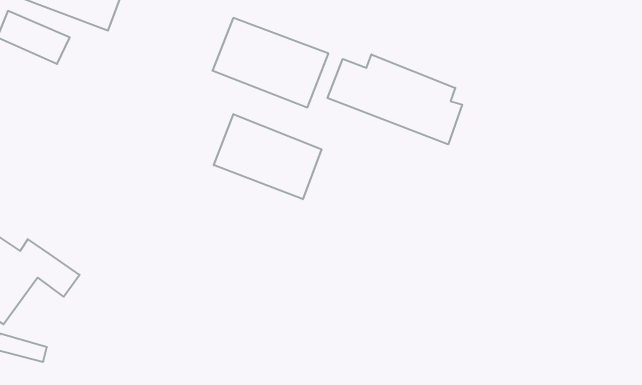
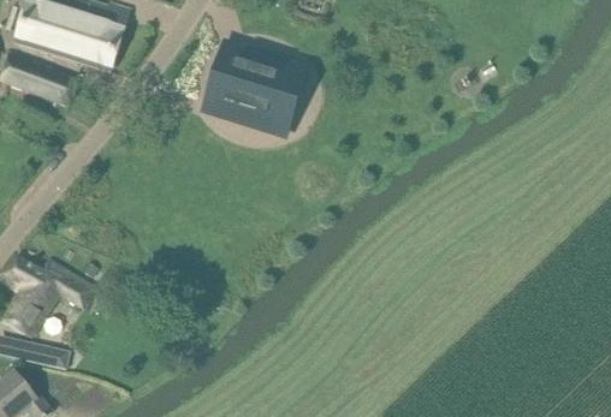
building: [327,54,462,144] -> none
building: [214,114,322,199] -> none

